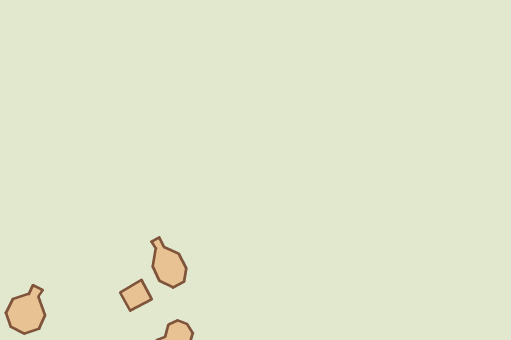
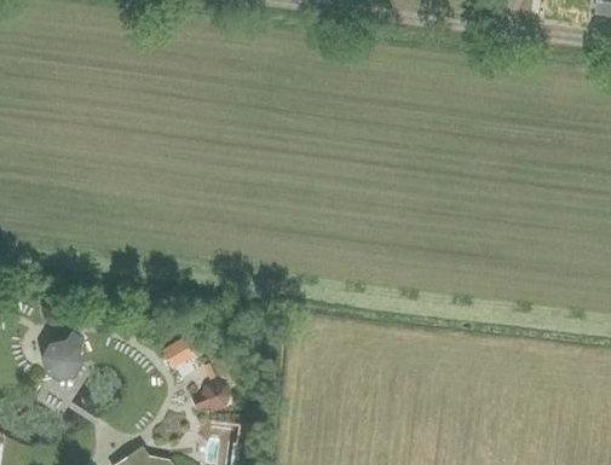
building: [151,237,186,288] -> none

